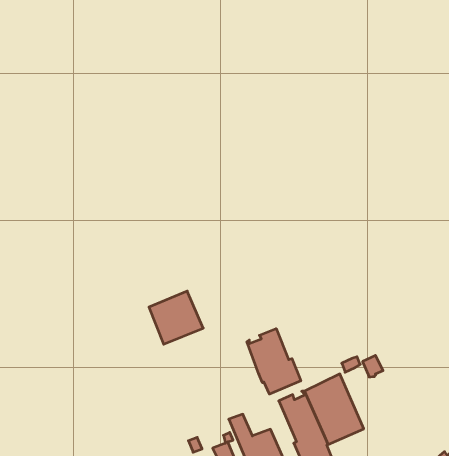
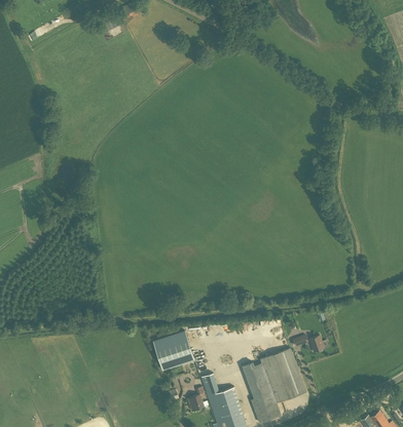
building: [149,291,203,344] -> [153,331,194,371]
building: [247,329,301,394] -> none

